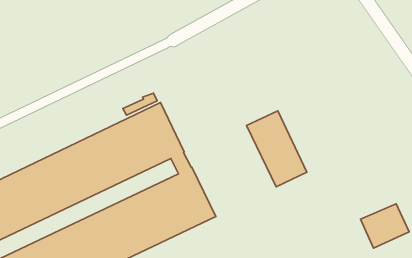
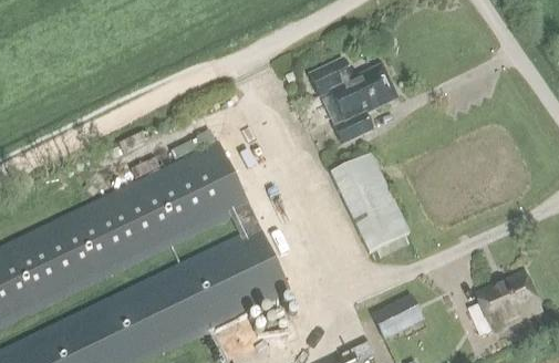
building: none -> [309,59,395,143]
building: none -> [370,295,413,336]

